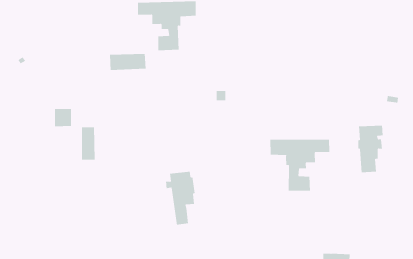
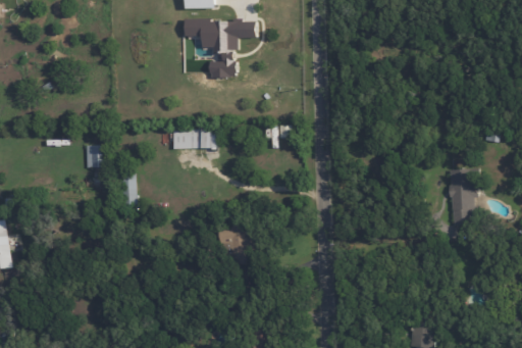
building: [109,54,146,71] -> [170,129,215,149]
building: [270,139,330,192] -> none

